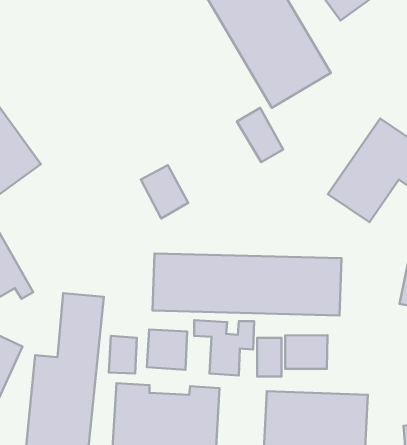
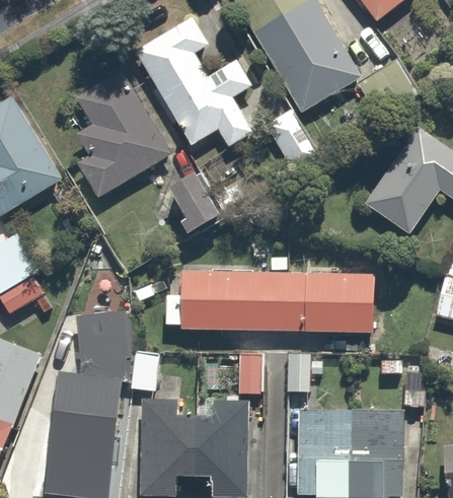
building: none -> [137,18,260,149]
building: none -> [75,63,184,200]
building: [147,329,187,370] -> none
building: [285,335,328,369] -> none

